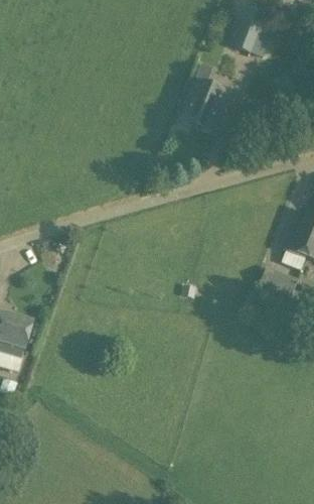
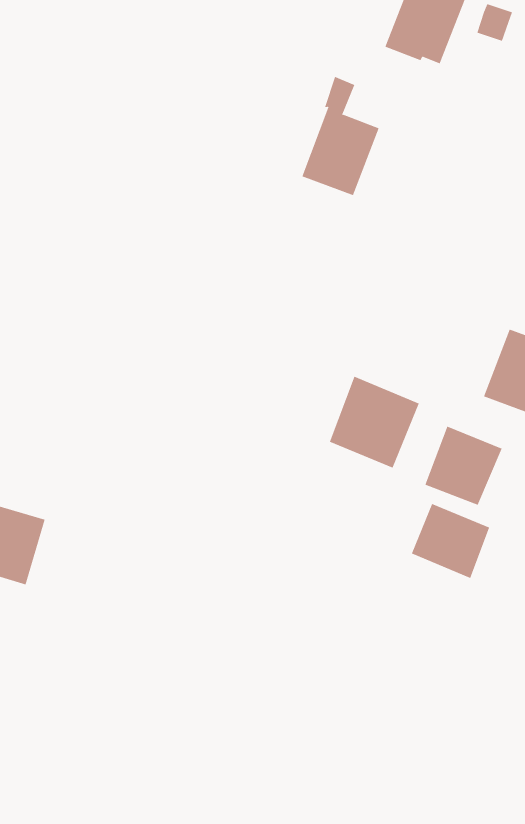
building: none -> [329,376,419,469]
building: none -> [411,503,490,579]

